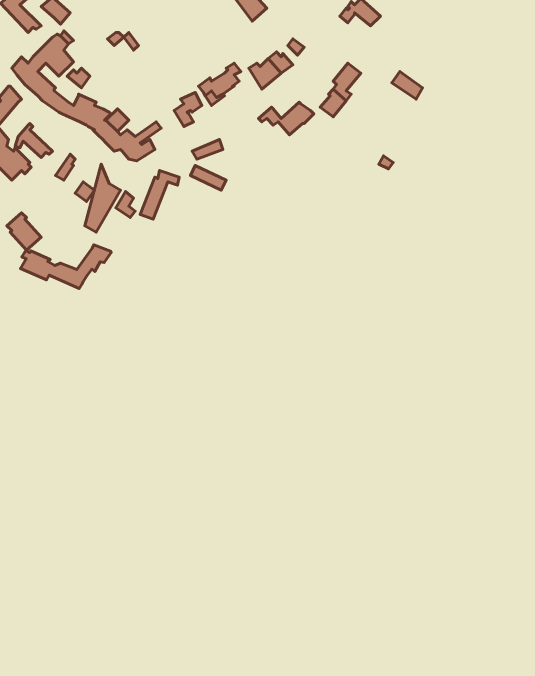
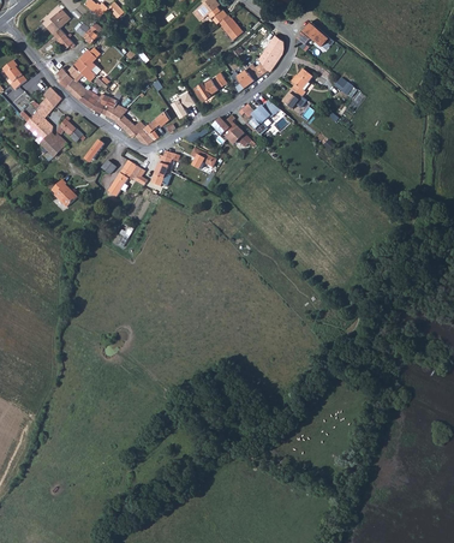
building: none -> [210,114,255,147]
building: [21,245,111,289] -> none

